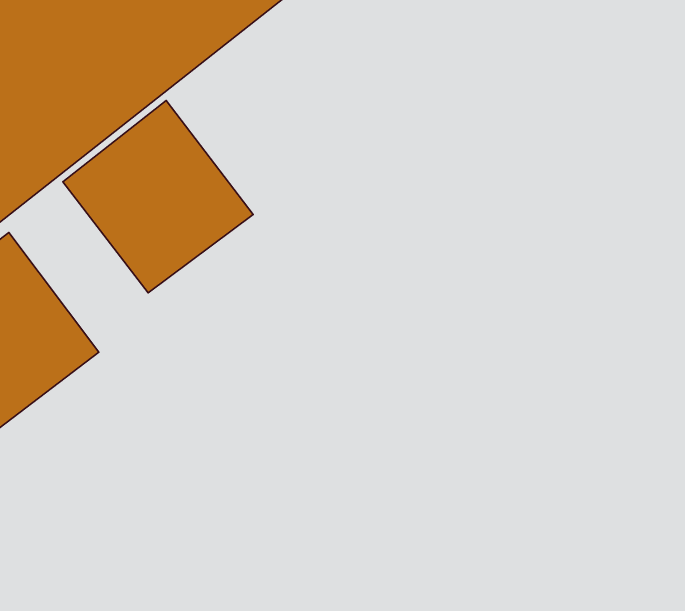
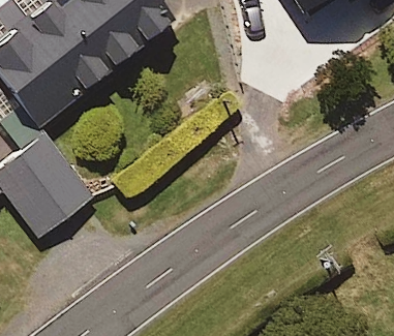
building: [63,101,253,293] -> none

